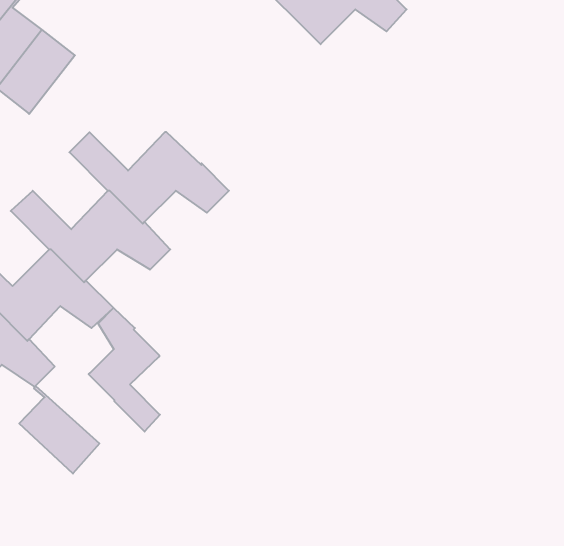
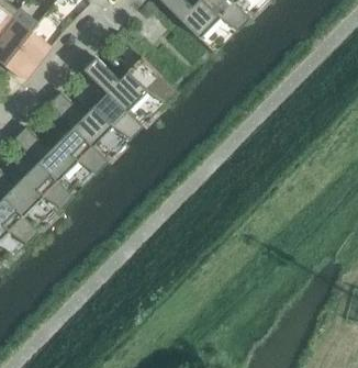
building: none -> [82,55,178,111]
building: [89,308,160,432] -> none
building: [19,386,99,474] -> none

